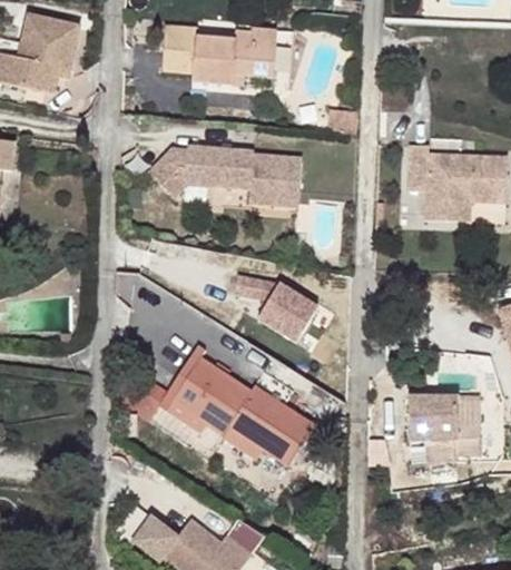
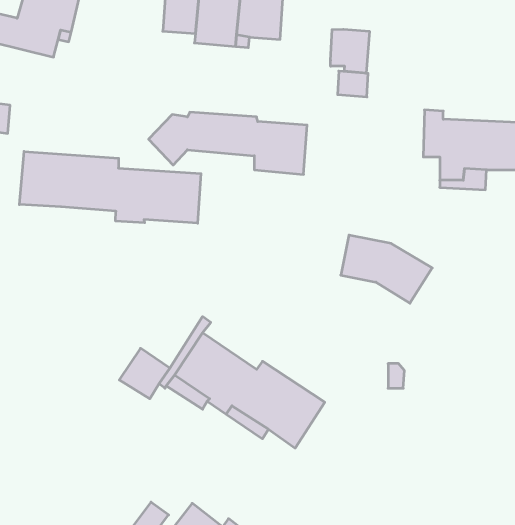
building: none -> [331,29,369,73]
building: none -> [19,151,201,223]
building: [232,275,318,340] -> [341,235,432,303]
building: [409,393,481,465] -> none

